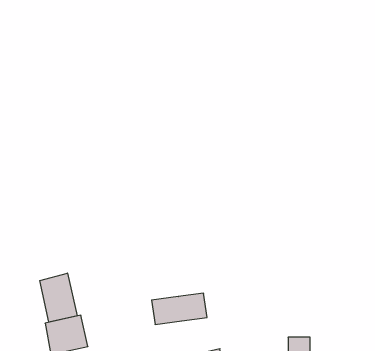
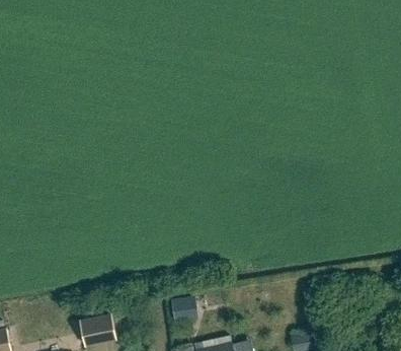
building: [40,273,77,322] -> none

